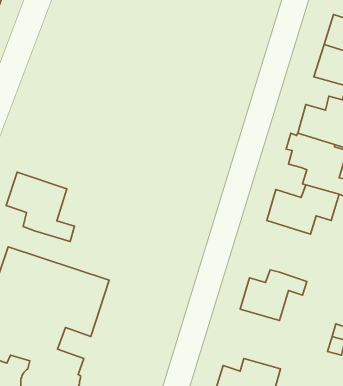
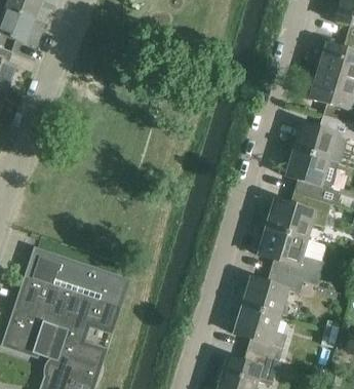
building: [6,172,75,241] -> none
building: none -> [255,224,324,284]
building: none -> [234,305,286,358]

